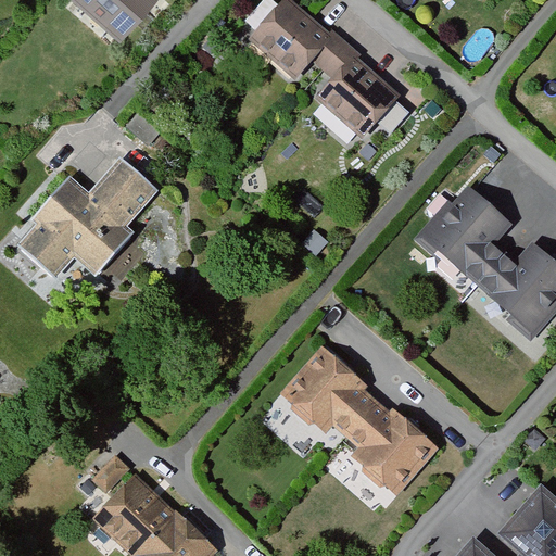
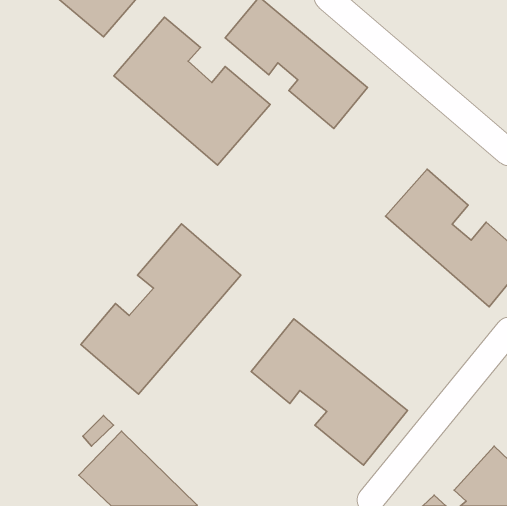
building: none -> [114,17,270,165]
building: [23,160,155,281] -> none
building: none -> [81,224,241,394]

